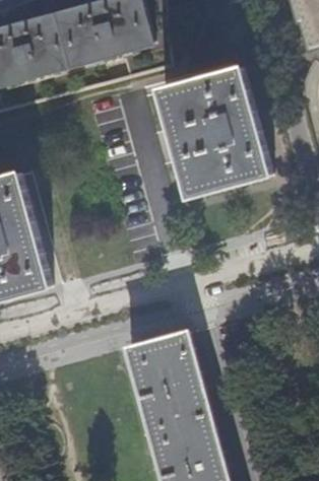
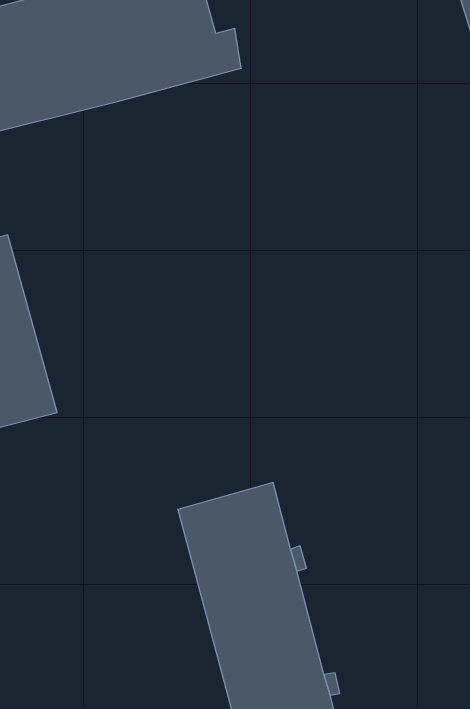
building: [158,67,269,196] -> none

